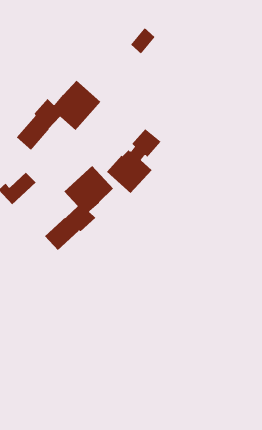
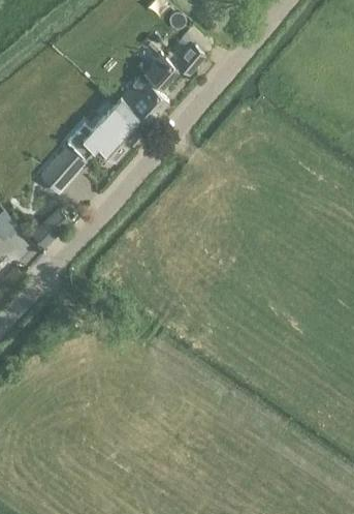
building: [106,128,162,194] -> [112,56,175,130]
building: [44,165,114,251] -> none

